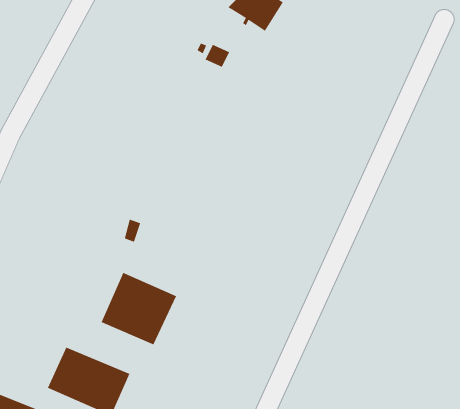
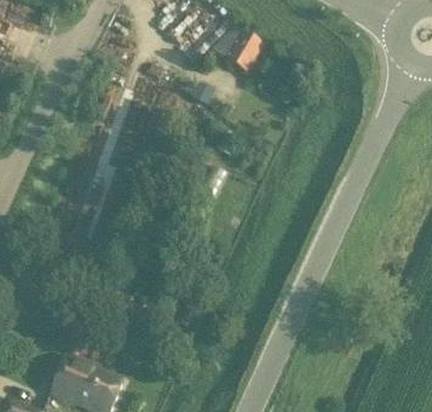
building: [101,272,177,345] -> none

